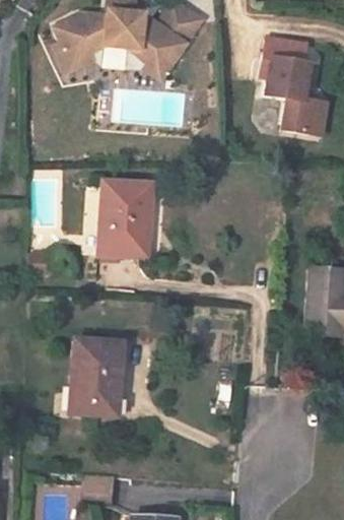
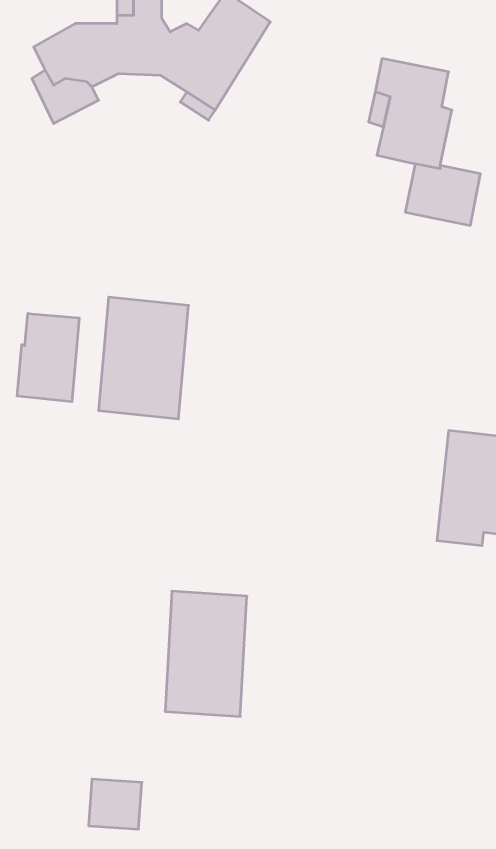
building: none -> [17,313,79,402]
building: [68,339,118,415] -> [165,591,247,716]

